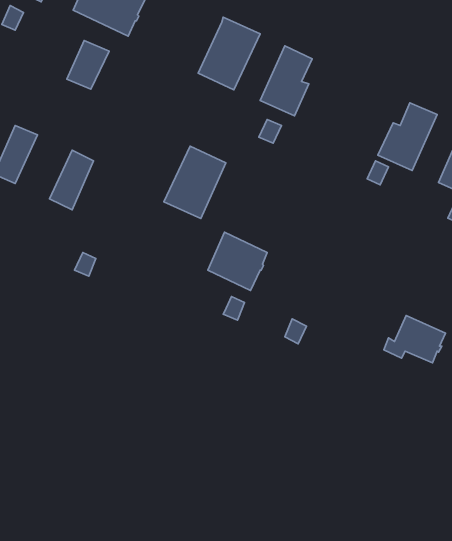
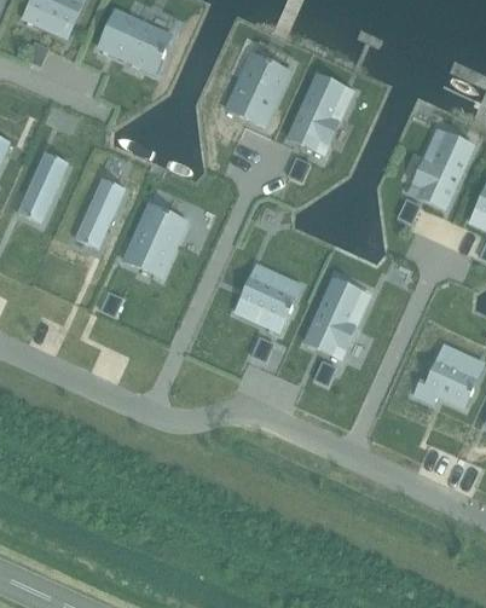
building: [67,40,109,89] -> none
building: [164,146,226,219] -> [123,202,186,276]
building: none -> [306,285,361,357]

